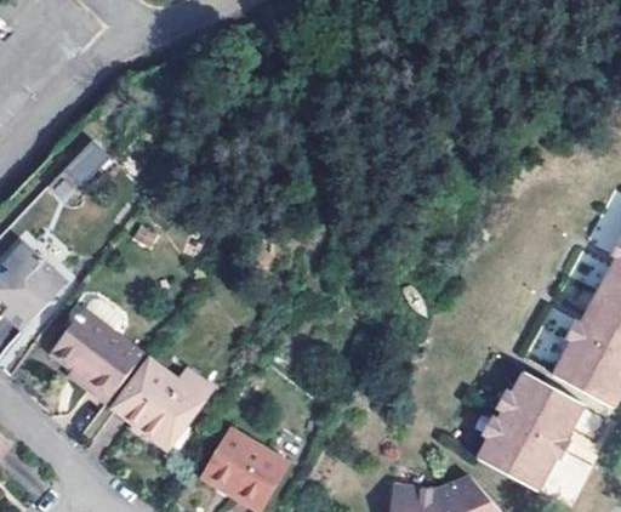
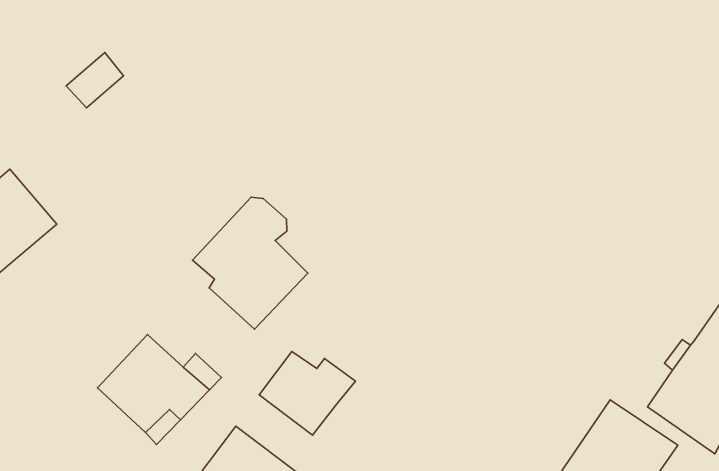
building: [51,295,144,400] -> [193,197,308,329]
building: none -> [259,351,355,435]

